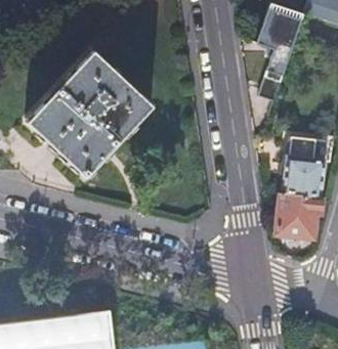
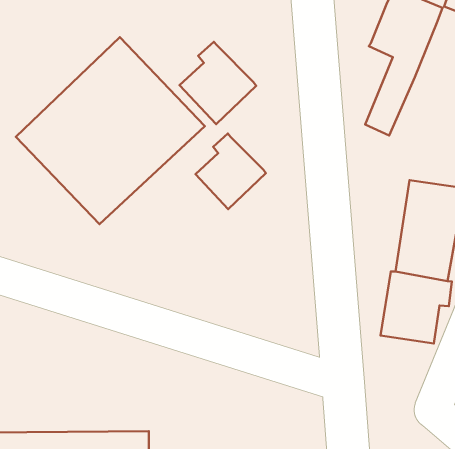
building: none -> [179,42,256,124]
building: none -> [196,134,266,209]

